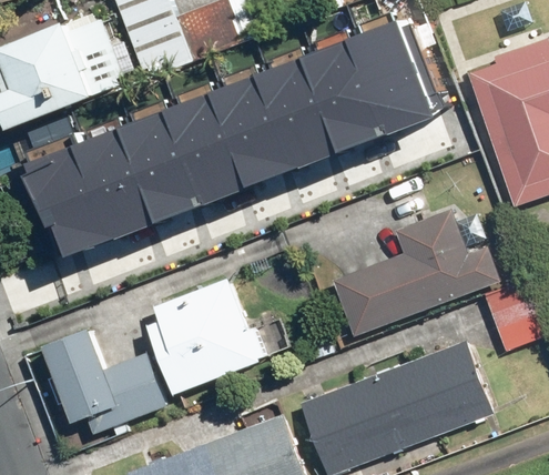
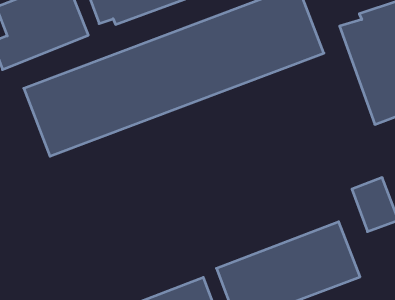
building: [332,209,499,337] -> none
building: [148,279,260,394] -> none
building: [42,327,169,433] -> none

